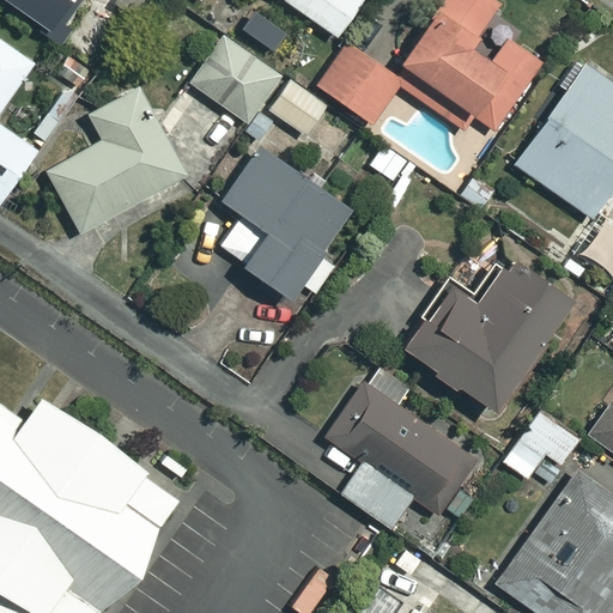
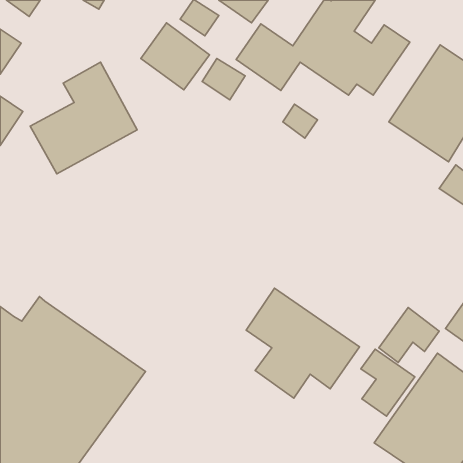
building: [220,145,350,295] -> none
building: [399,253,566,407] -> none
building: none -> [361,349,415,416]

